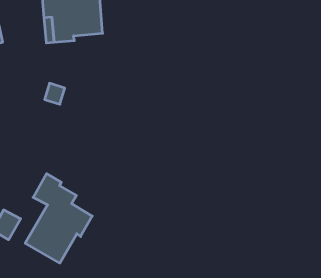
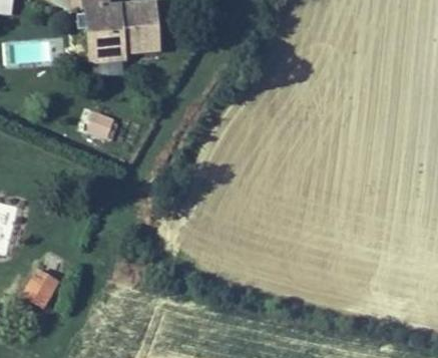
building: [25,174,92,263] -> none

